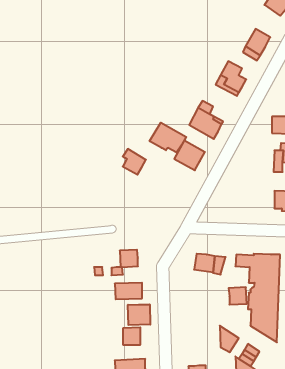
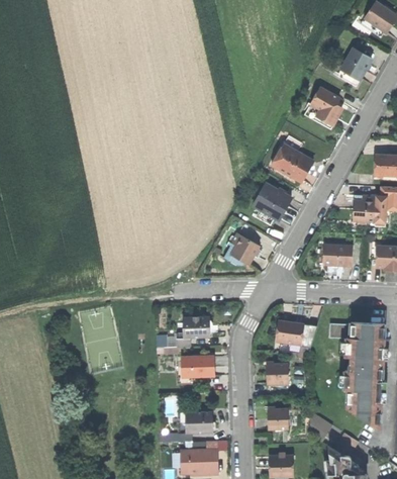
building: [150,123,186,153] -> none
building: [123,149,146,175] -> [231,232,260,264]
building: none -> [353,194,376,221]
building: none -> [325,245,353,267]
building: [229,287,247,305] -> [265,364,287,385]
building: [128,304,150,325] -> none
building: none -> [267,409,288,429]

